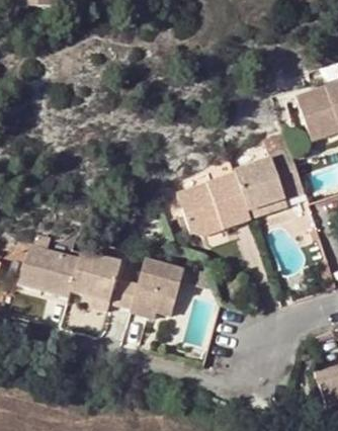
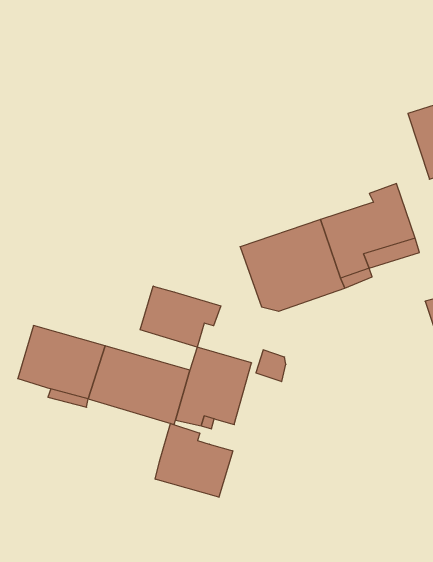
building: none -> [140,286,221,347]
building: none -> [155,423,233,497]

